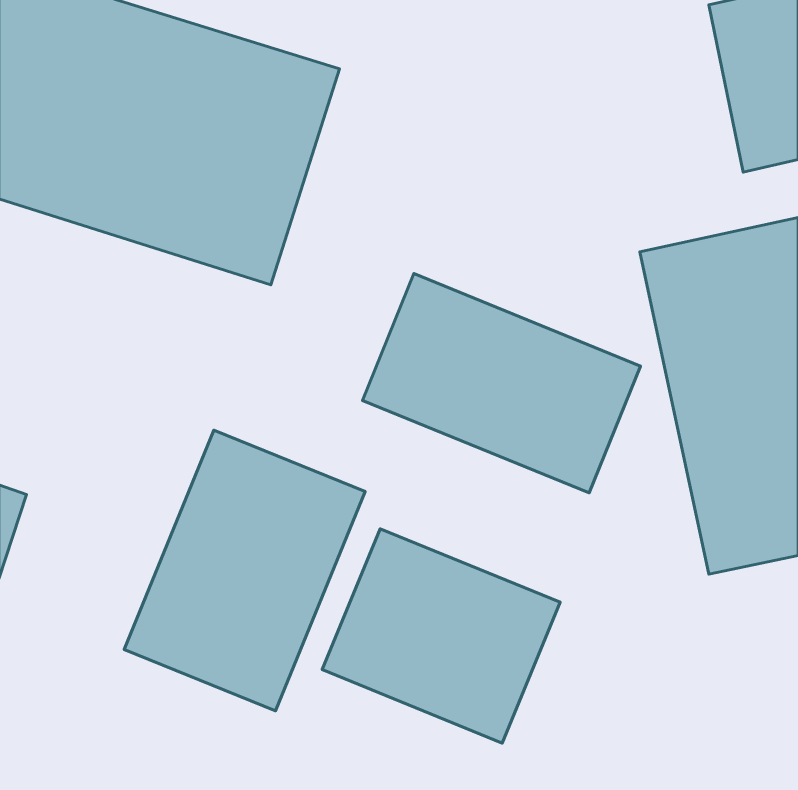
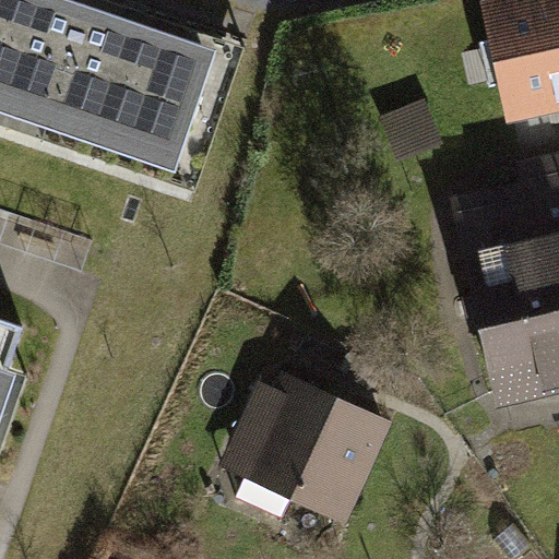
building: [363,274,641,493] -> none
building: [124,430,365,711] -> none

